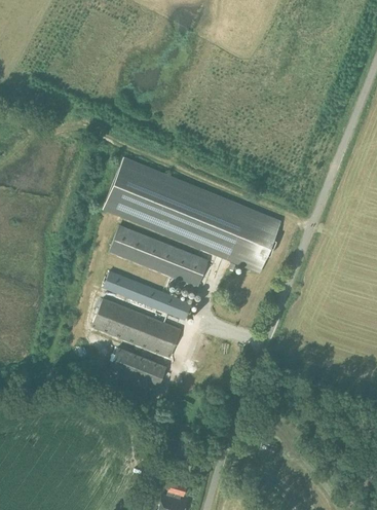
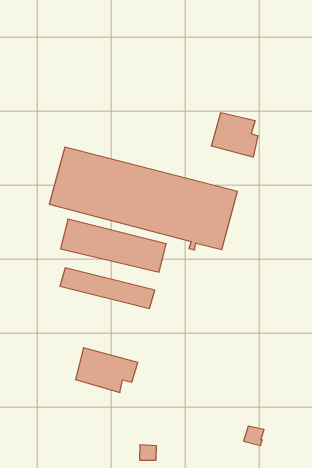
building: none -> [212,113,258,157]
building: [92,298,182,356] -> none

